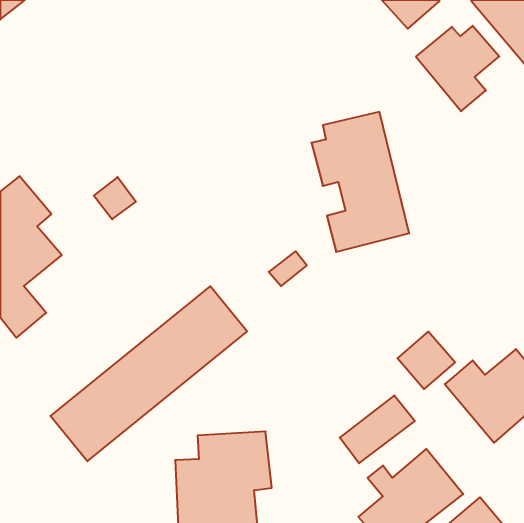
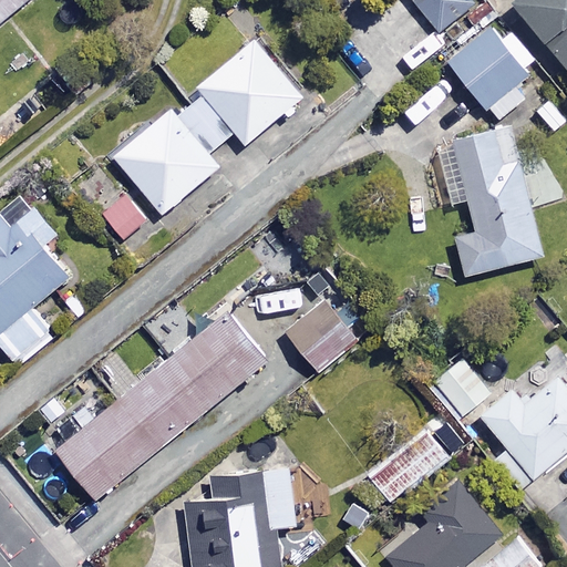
building: none -> [111,39,300,215]
building: [311,112,409,252] -> [436,126,542,277]
building: none -> [287,301,359,372]

